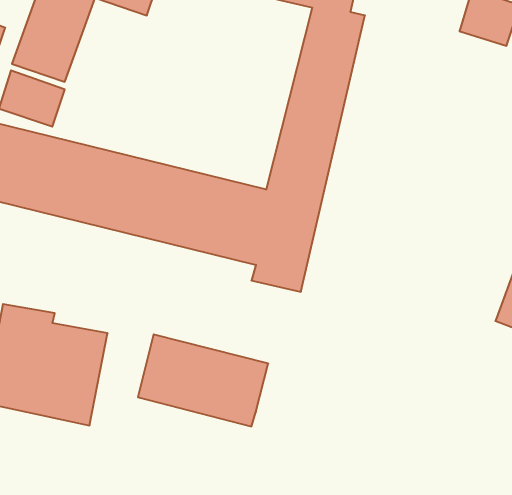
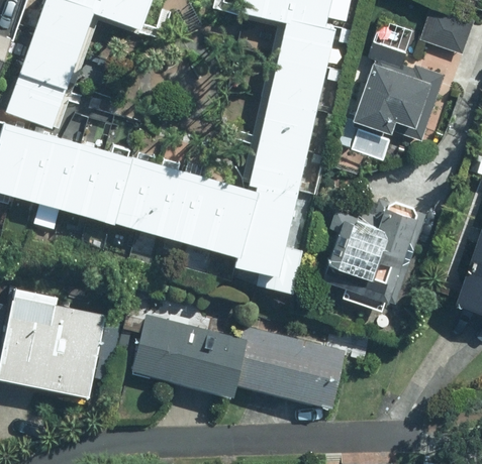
building: none -> [354,43,444,143]
building: none -> [325,200,425,311]
building: none -> [237,329,346,410]

